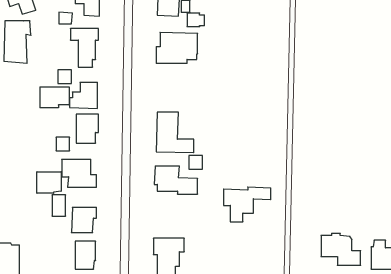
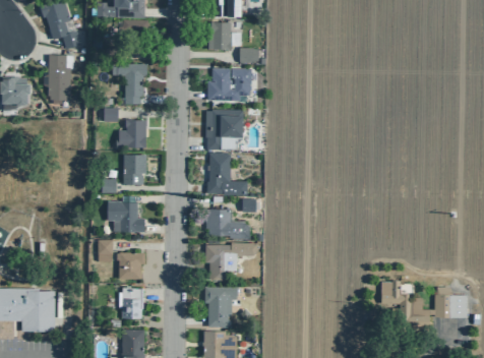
building: none -> [205,110,243,151]
building: [40,87,69,108] -> none
building: [37,172,61,193] -> none
building: [224,187,271,222] -> [205,243,255,280]

